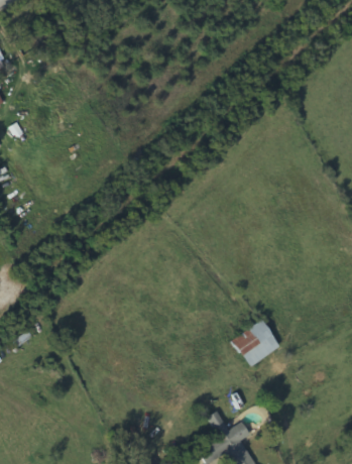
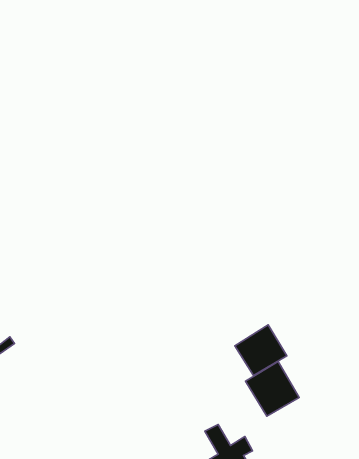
building: none -> [246,361,299,416]

